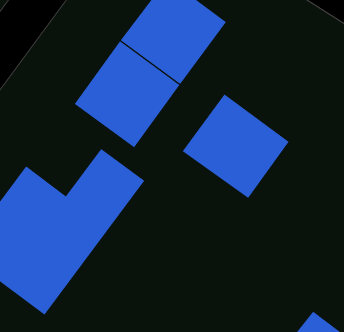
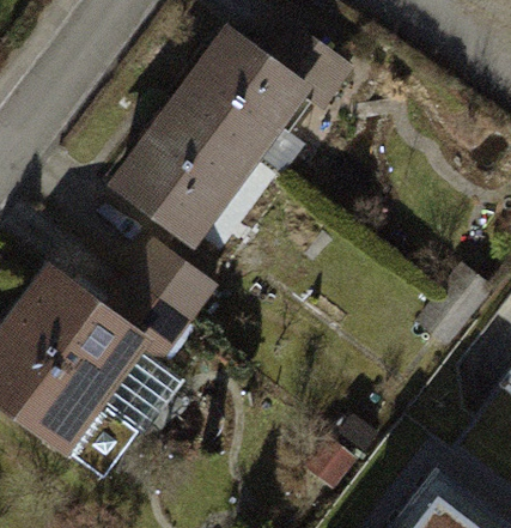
building: [182,94,290,199] -> none

